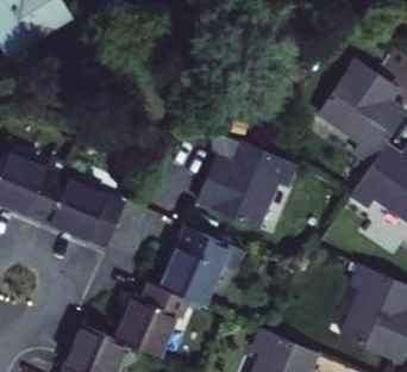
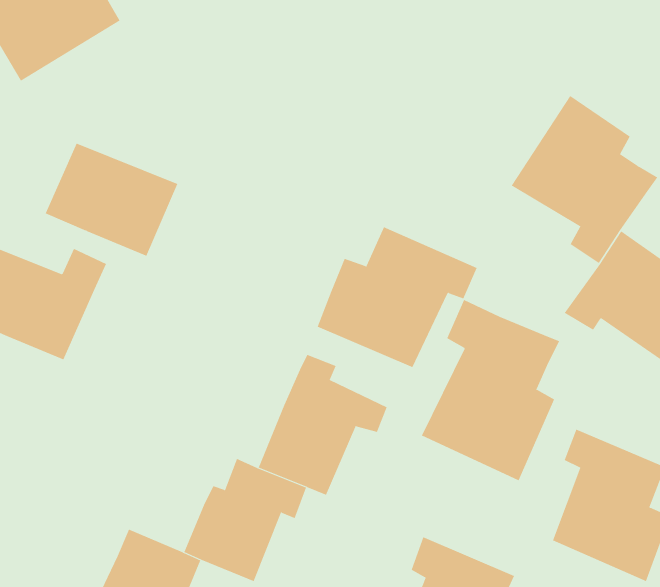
building: [42,179,123,248] -> [45,143,178,257]
building: none -> [421,299,560,481]

